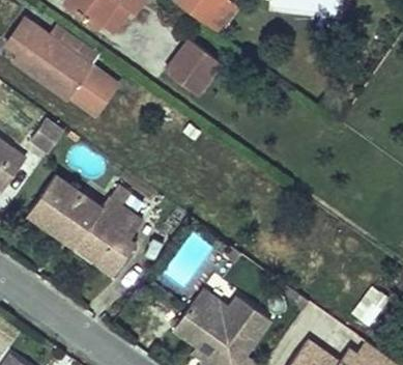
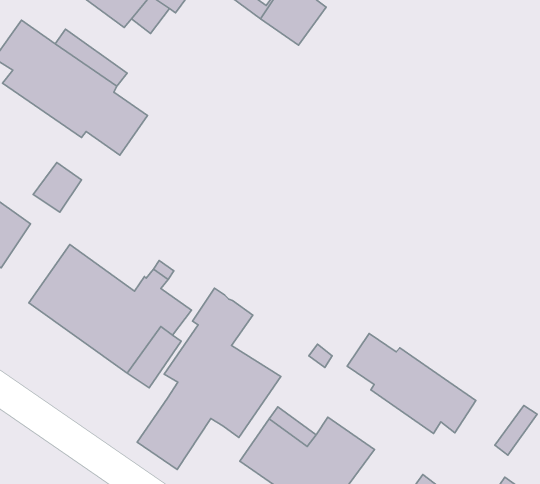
building: [164,37,219,93] -> none
building: none -> [137,288,281,470]
building: none -> [347,333,476,433]

